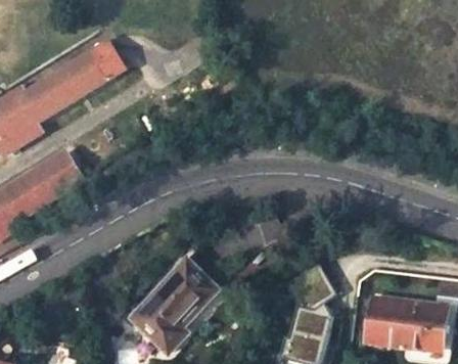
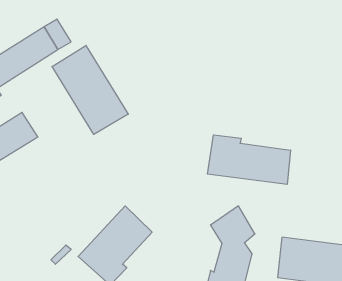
building: none -> [52,45,128,134]
building: none -> [207,135,291,184]

